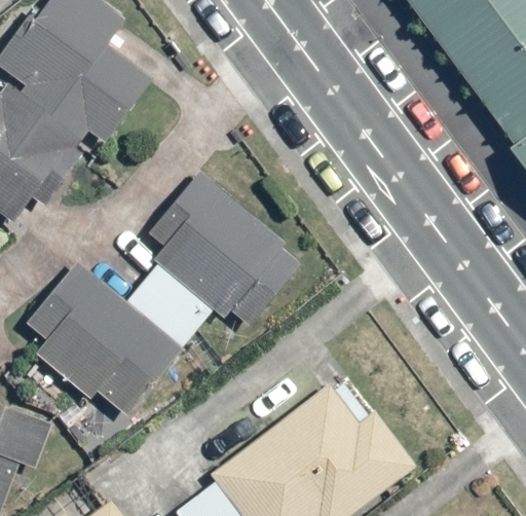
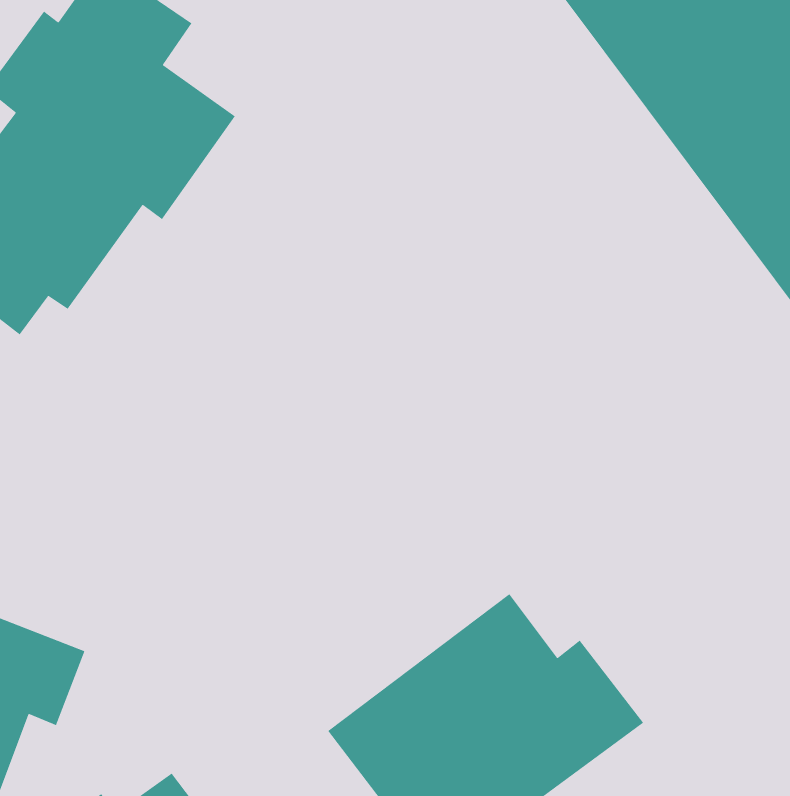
building: [147,173,298,327] -> none
building: [26,260,184,416] -> none

